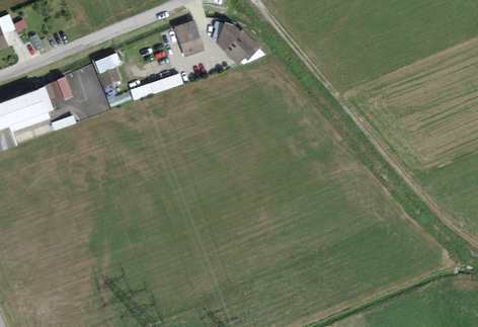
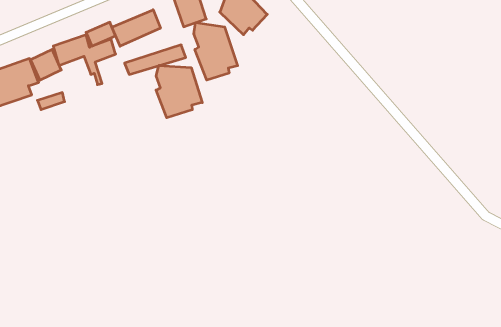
building: none -> [112,10,160,46]
building: none -> [194,23,238,80]
building: none -> [156,65,202,118]

